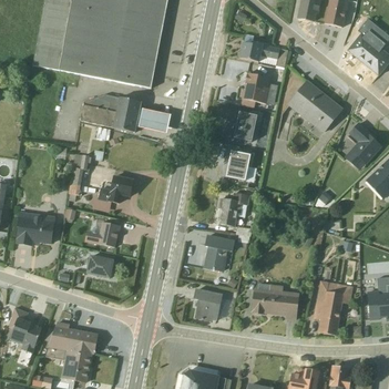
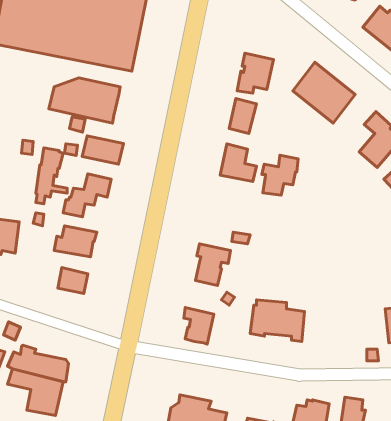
building: [239,33,288,69] -> none
building: [135,108,171,132] -> [82,136,124,164]
building: [218,191,249,225] -> [262,155,298,195]
building: [314,279,352,335] -> none

